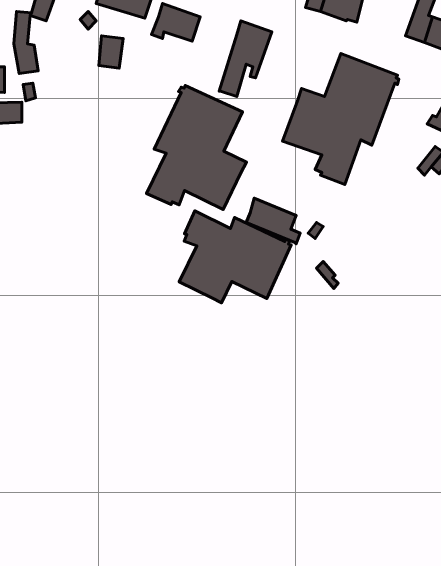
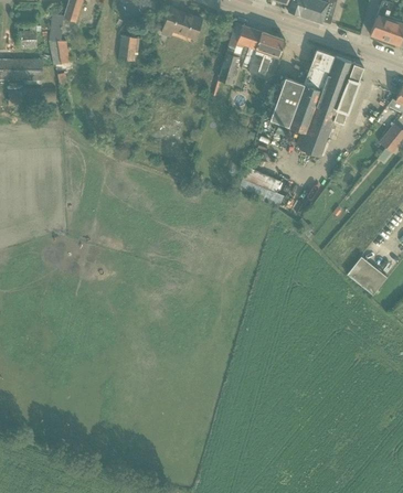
building: none -> [246,31,285,75]
building: [147,85,247,210] -> none
building: [179,211,291,303] -> none
building: none -> [347,257,388,296]

